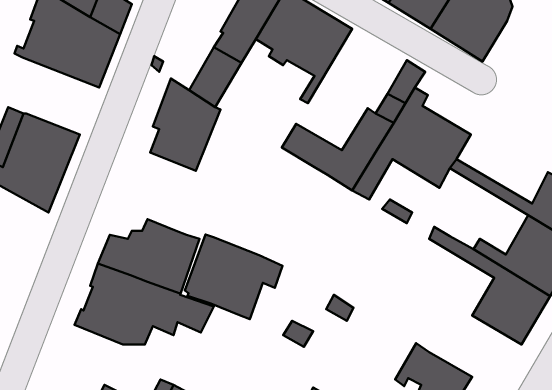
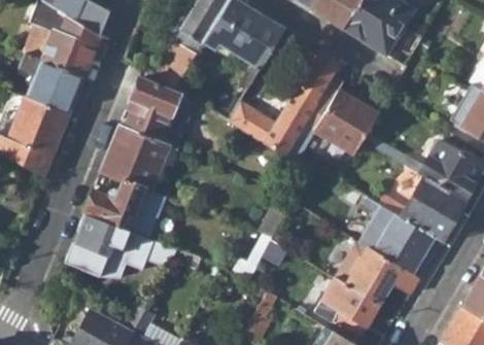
building: none -> [19,51,84,112]
building: [185,234,283,319] -> [102,125,179,192]
building: none -> [333,240,418,304]

